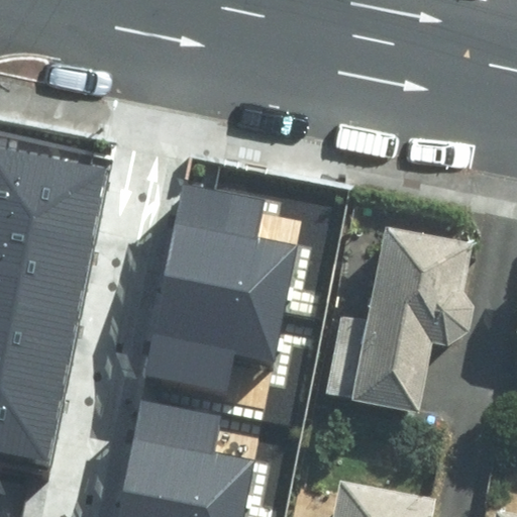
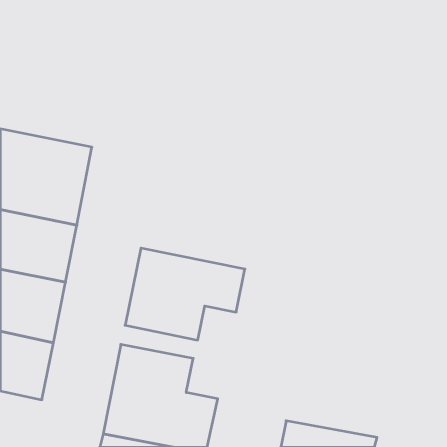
building: [163,183,296,310] -> none
building: [347,236,477,428] -> none

